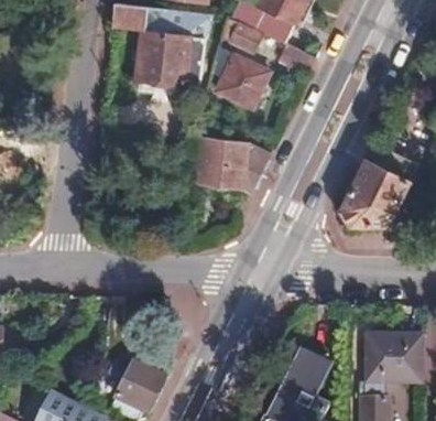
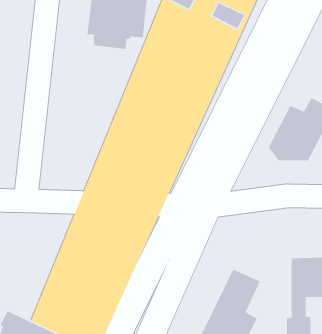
building: [207,53,270,107] -> none
building: [198,116,268,187] -> none
building: [106,356,165,413] -> none

